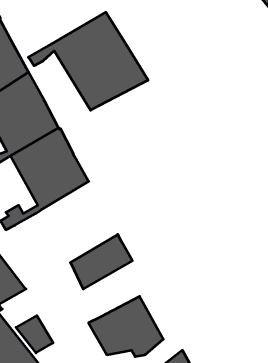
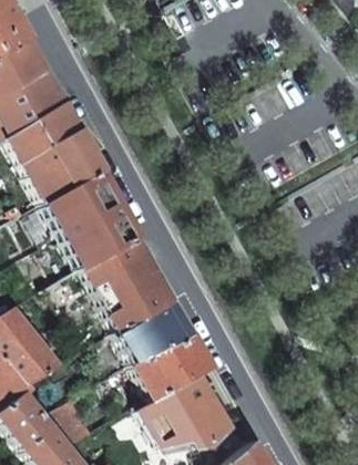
building: [28,12,148,110] -> none
building: none -> [81,237,174,335]
building: none -> [132,333,213,402]

